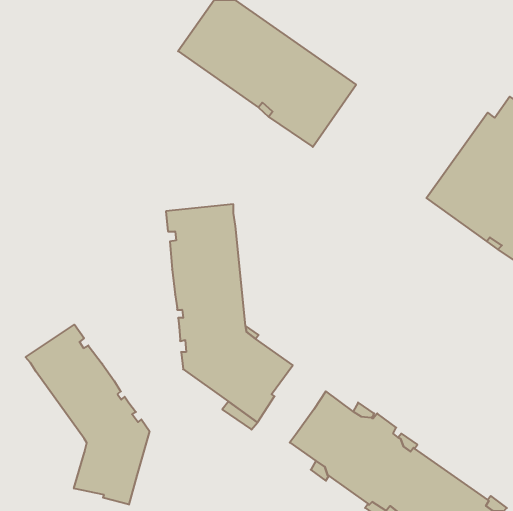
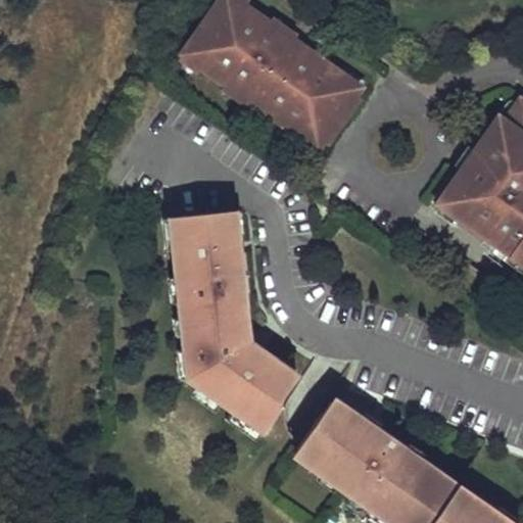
building: [26,325,149,505] -> none

